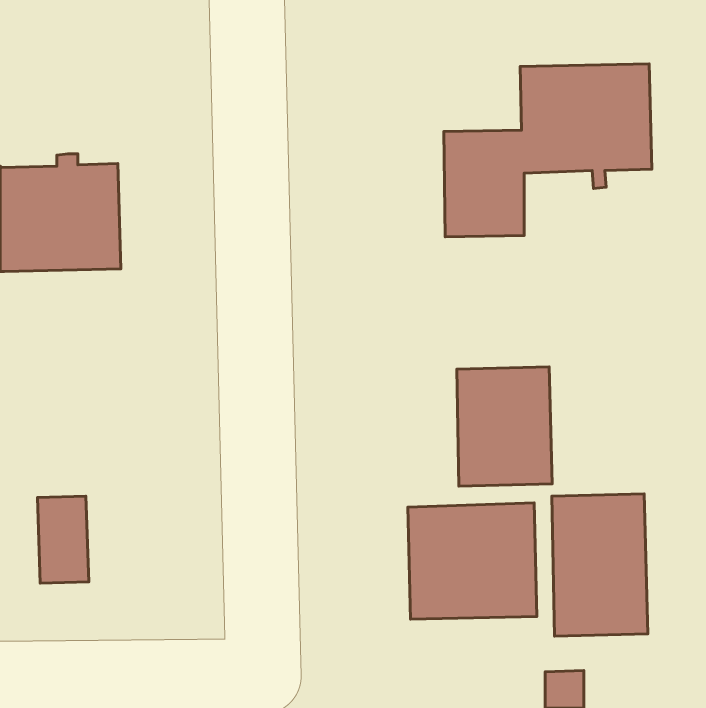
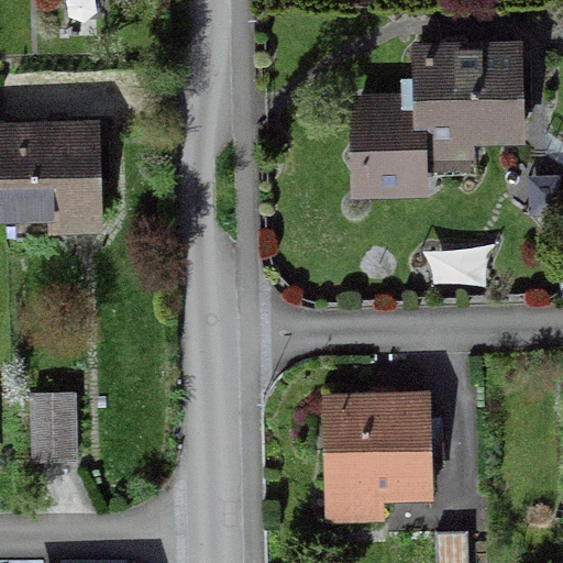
building: [457,367,552,486] -> none
building: [552,494,648,636] -> none

